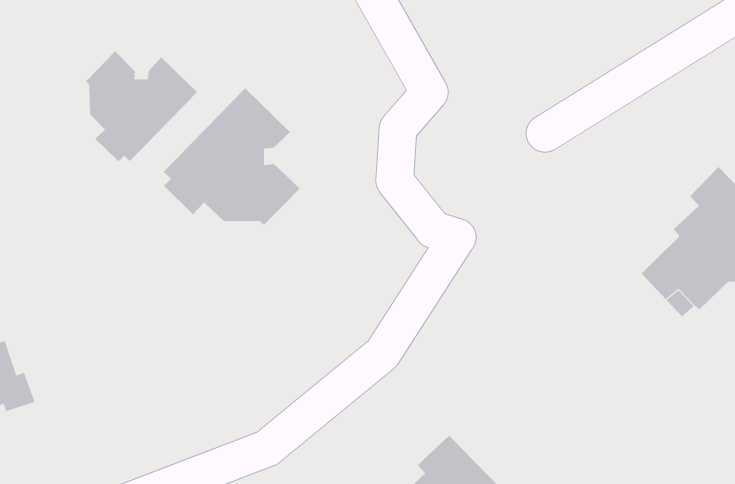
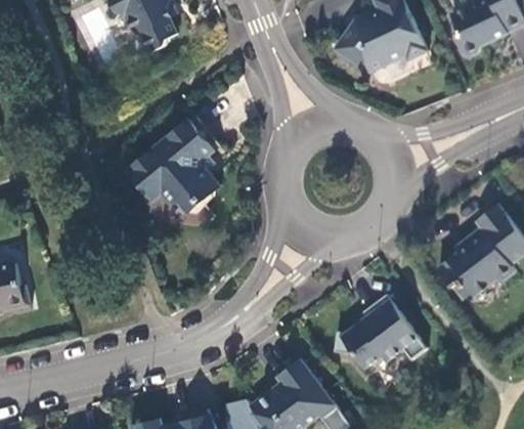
building: [85,51,198,162] -> none
building: none -> [333,295,426,369]

